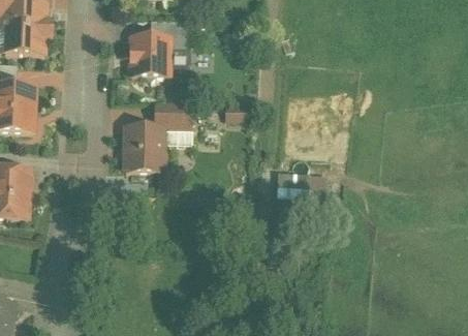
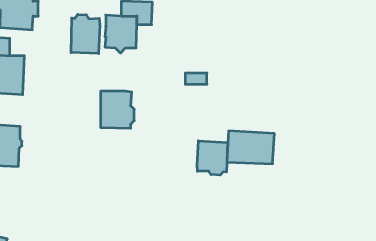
building: none -> [71,14,100,54]
building: [155,101,192,126] -> none
building: none -> [197,141,227,175]

